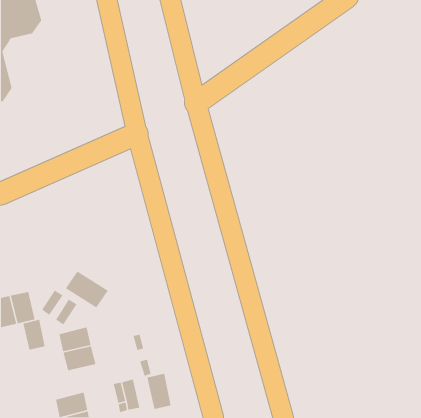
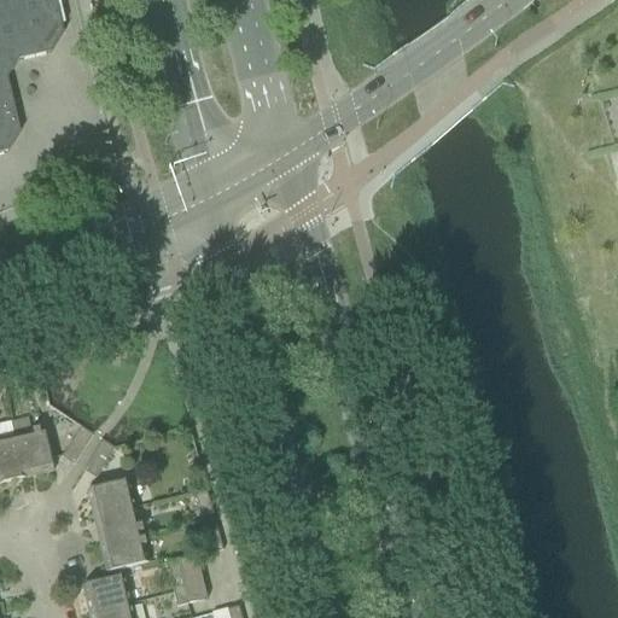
building: [65,270,109,308] -> none
building: [22,319,45,351] -> none
building: none -> [99,534,147,571]
building: [146,373,172,410] -> none

